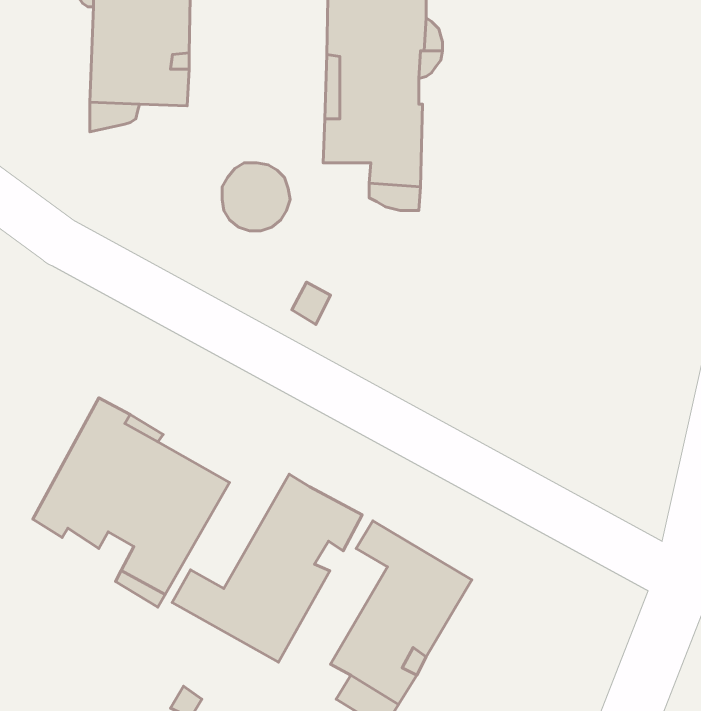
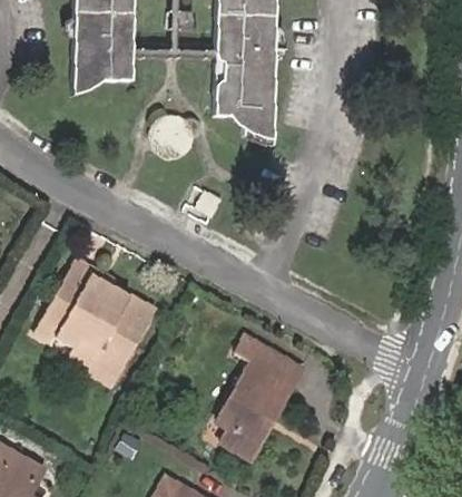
building: [172,474,362,662] -> none

